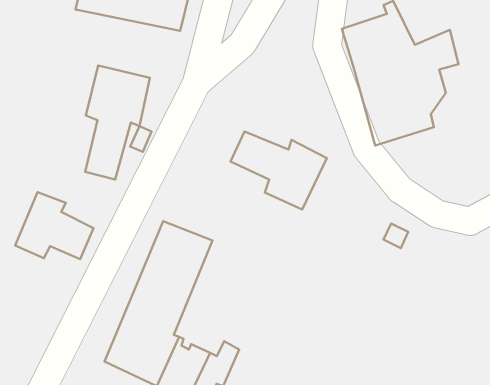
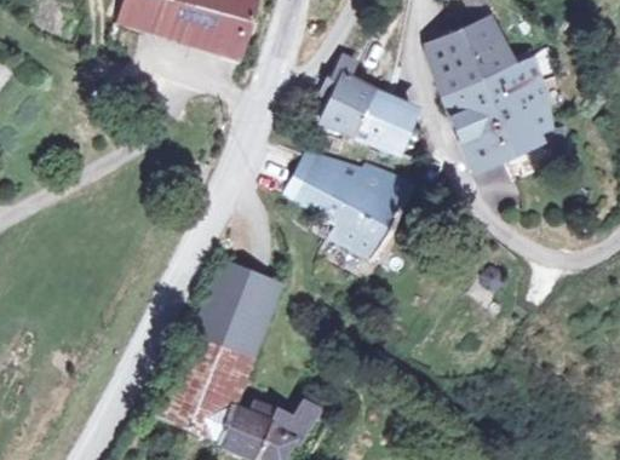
building: none -> [321,58,414,156]
building: [85,66,150,179] -> none
building: [15,192,93,259] -> none

